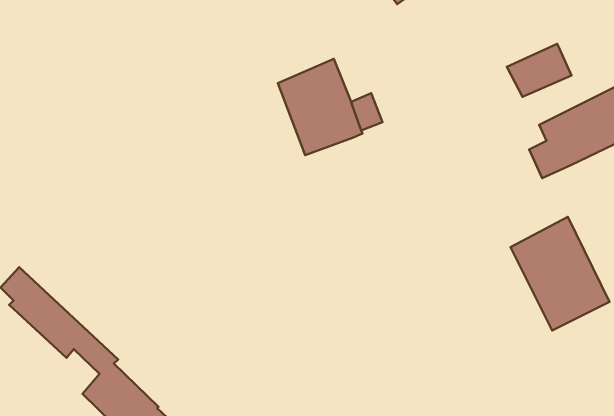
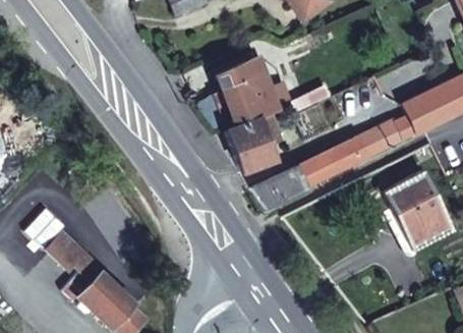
building: [507,44,571,97] -> [359,119,405,157]
building: none -> [226,113,280,171]
building: none -> [254,148,346,209]

